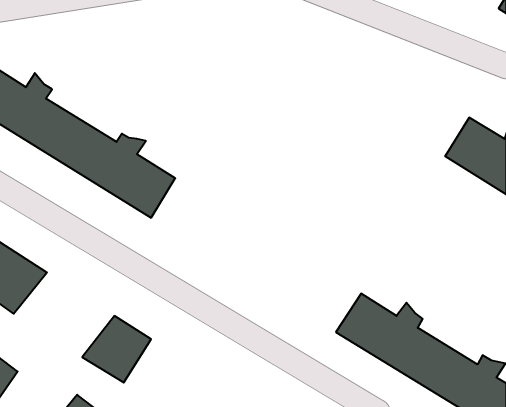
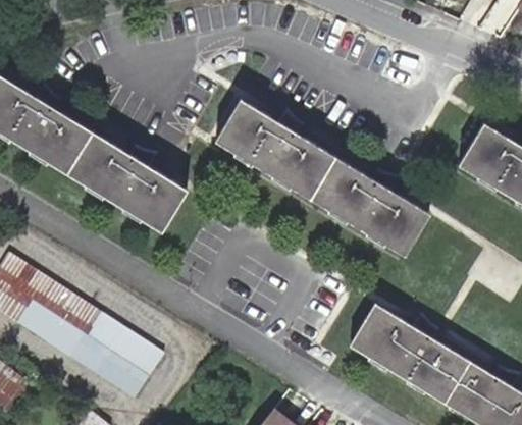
building: none -> [217,101,427,256]
building: none -> [23,284,125,370]

